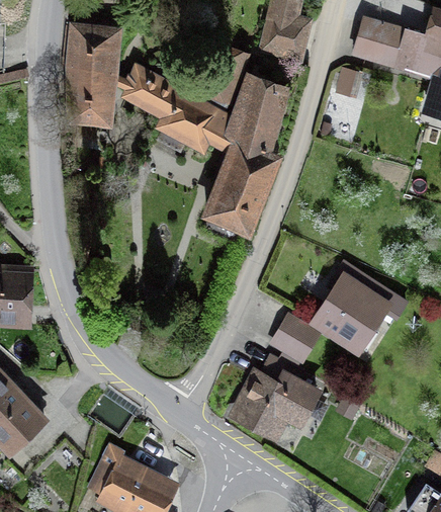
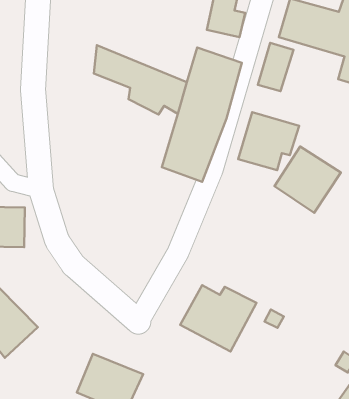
building: [67,20,127,129] -> none
building: none -> [238,112,299,170]
building: [311,272,393,355] -> [274,147,341,213]
building: [269,314,319,362] -> none

